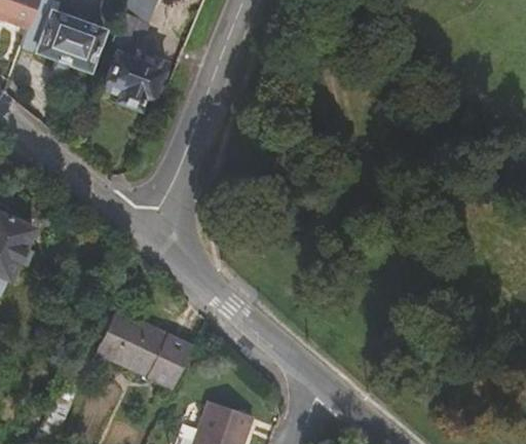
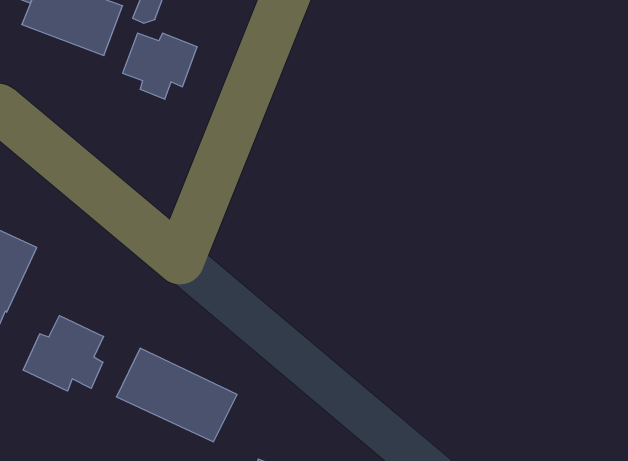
building: none -> [23,316,104,391]

